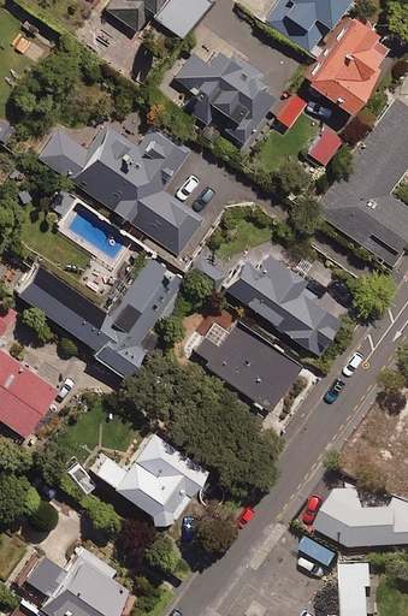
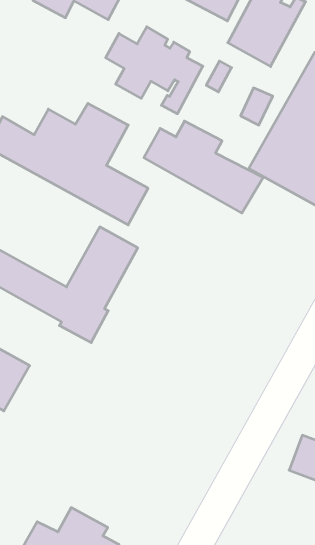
building: [221,251,344,355] -> [144,121,263,213]
building: [194,319,300,408] -> none
building: [93,428,207,521] -> none

